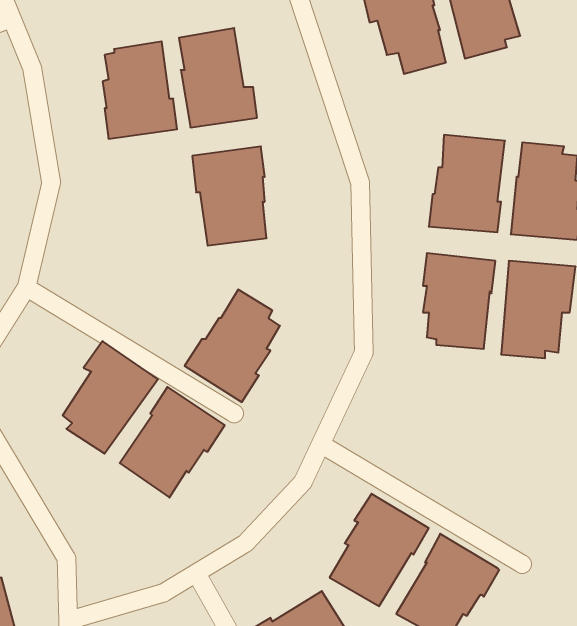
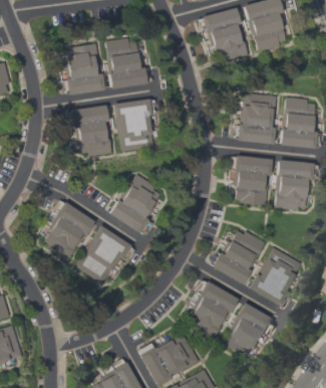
building: none -> [72,105,111,155]
building: none -> [212,230,266,283]
building: none -> [249,247,302,306]

